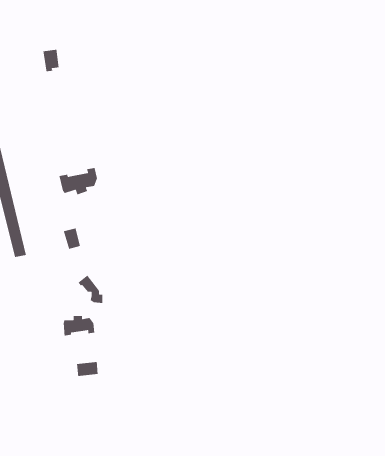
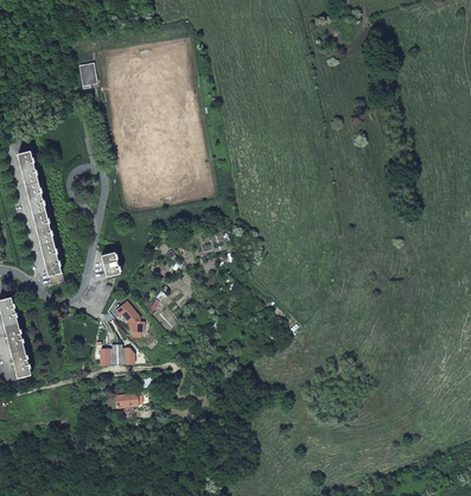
building: [58,167,98,195] -> none

